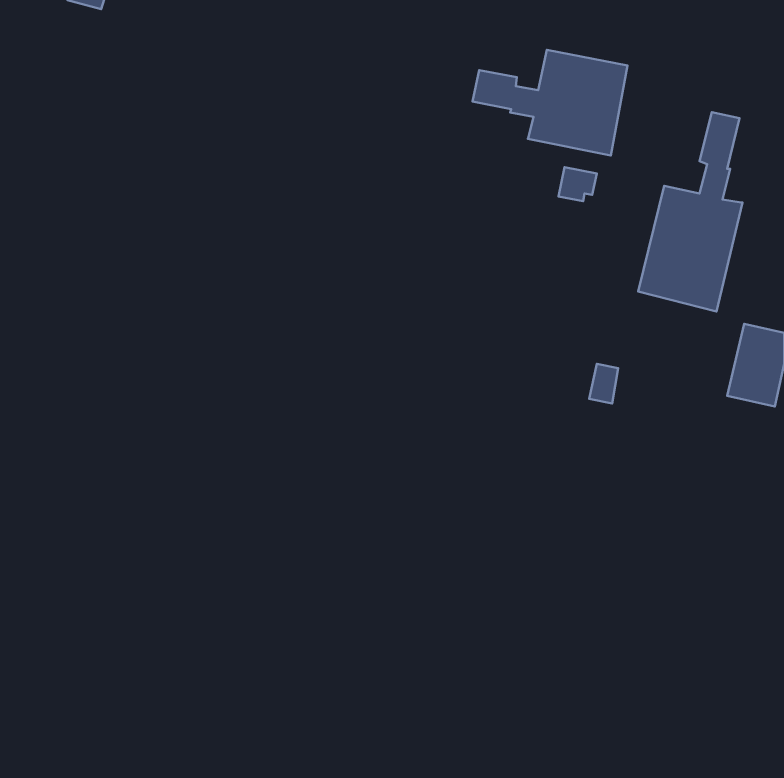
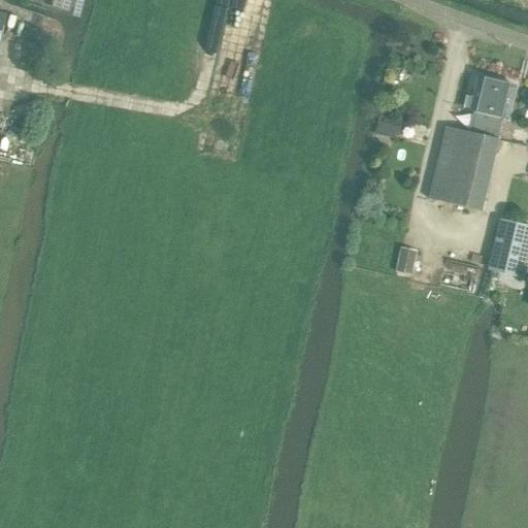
building: [473,50,628,156] -> none
building: none -> [486,79,517,136]

